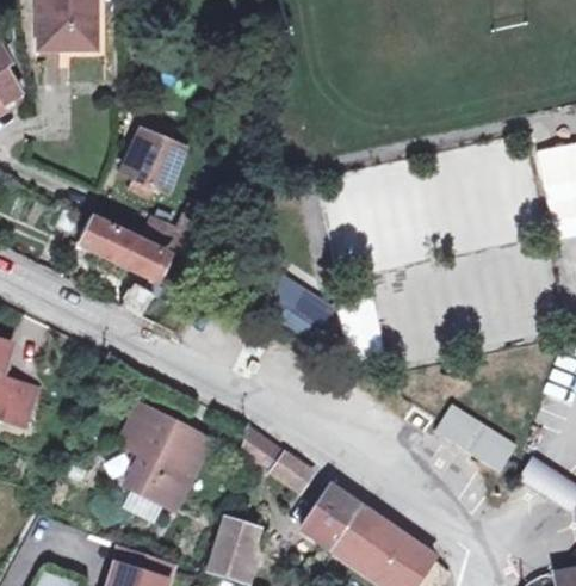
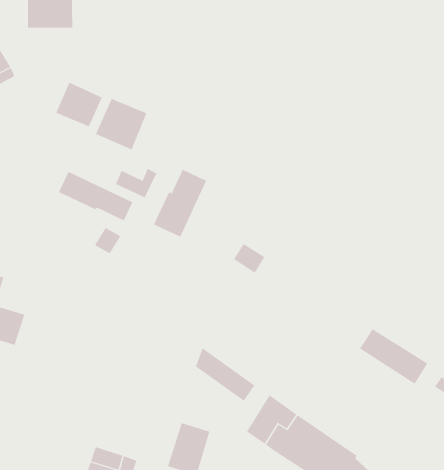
building: none -> [56,82,103,127]
building: none -> [153,169,207,238]
building: [123,405,211,510] -> none

